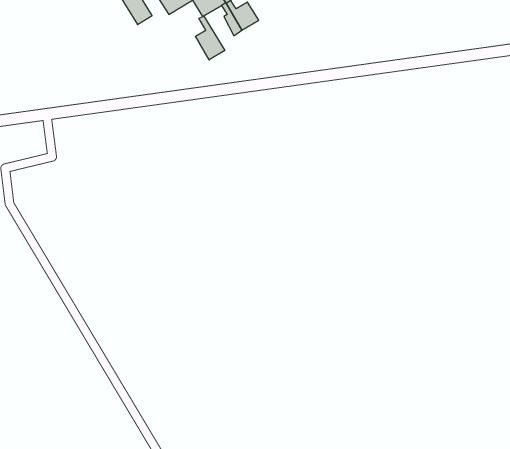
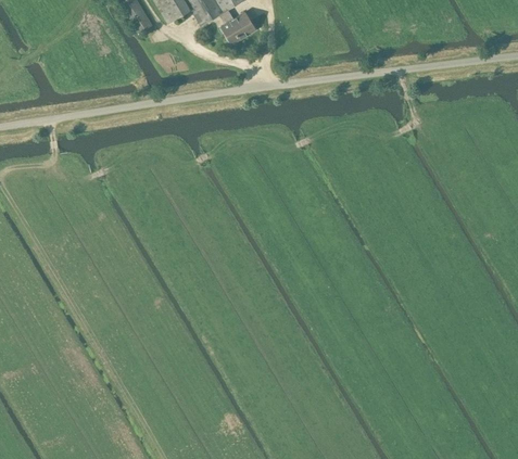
building: [195,16,225,60] -> none

